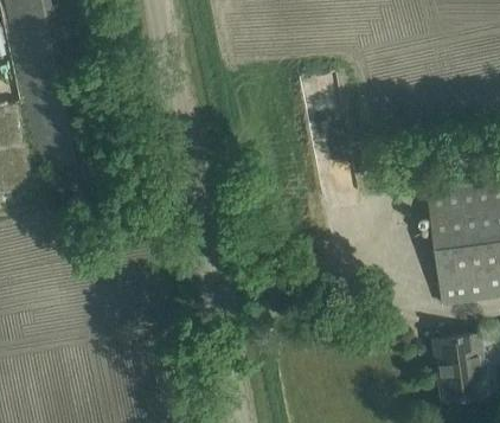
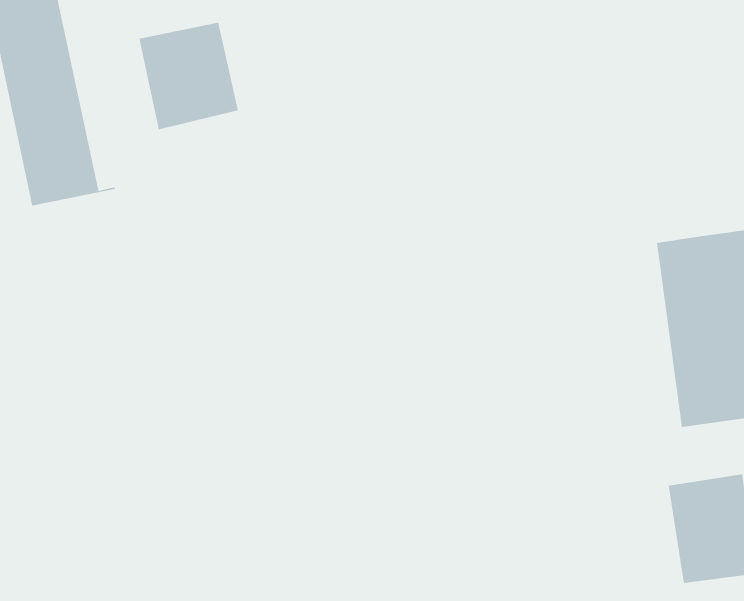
building: none -> [139,22,239,130]

